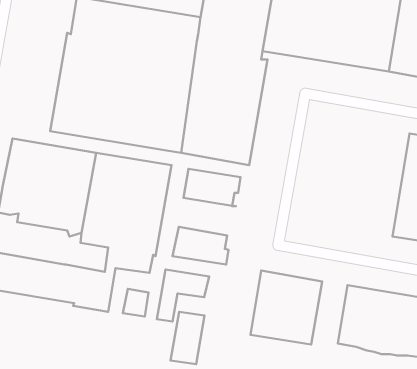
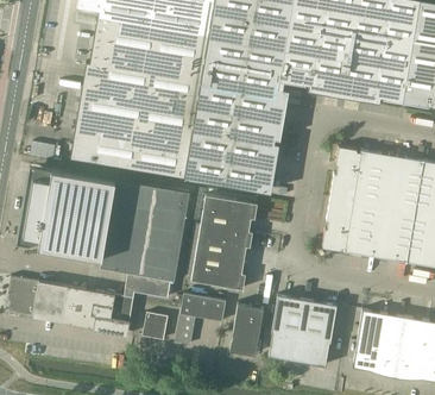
building: none -> [322,148,423,262]
building: none -> [197,224,253,261]
building: [171,312,205,364] -> [231,303,264,355]

